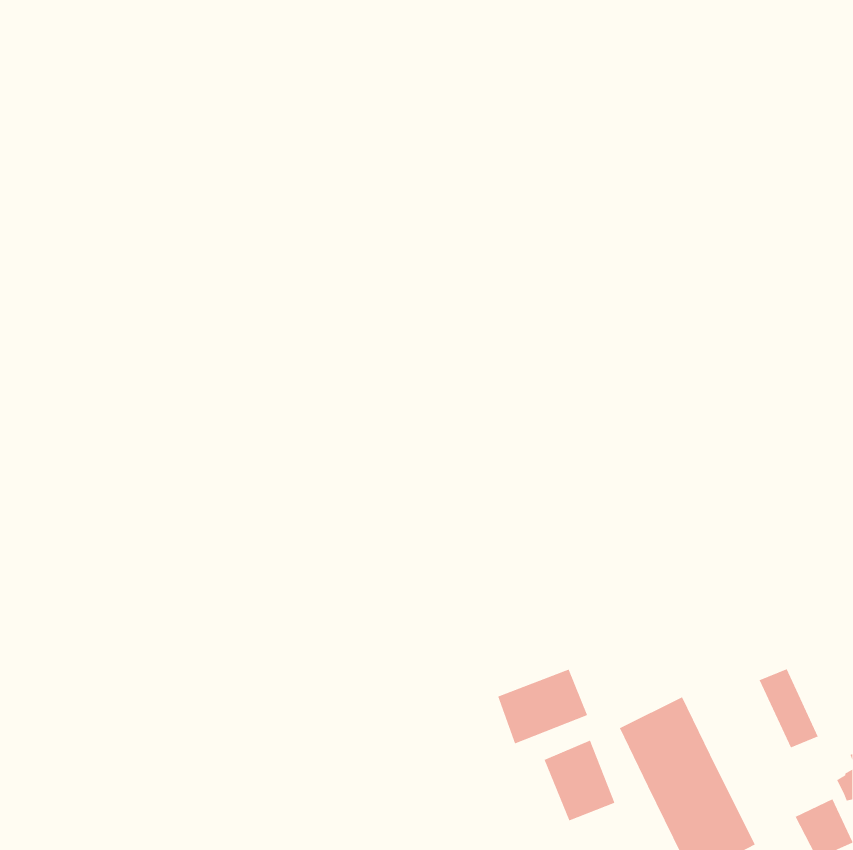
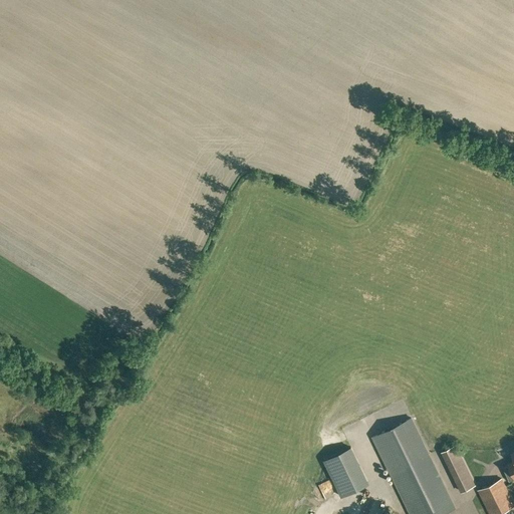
building: [759,668,819,748] -> [442,444,478,492]
building: [497,668,588,745] -> none

